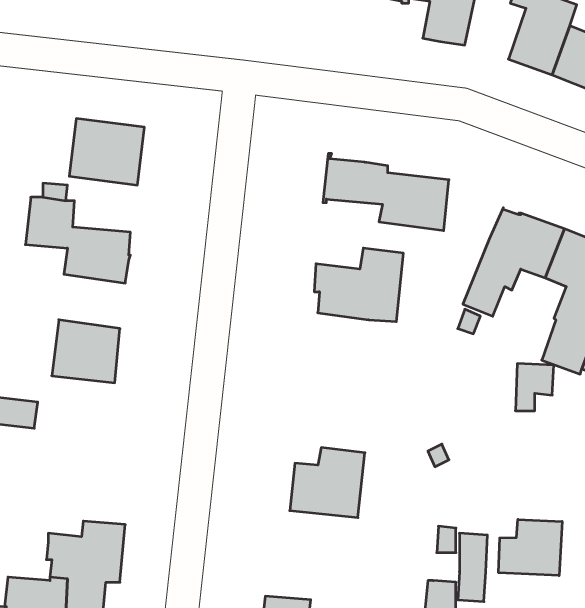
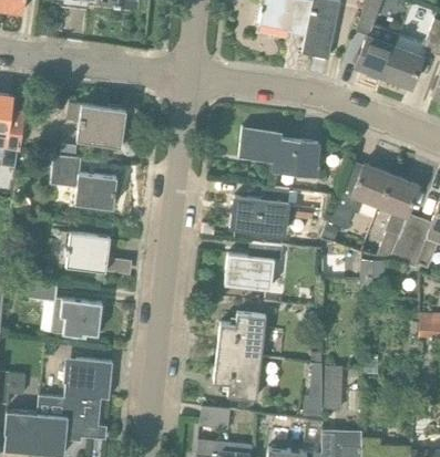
building: none -> [225,243,283,291]
building: none -> [60,299,102,339]
building: none -> [214,353,260,401]
building: [499,519,562,576] -> none

